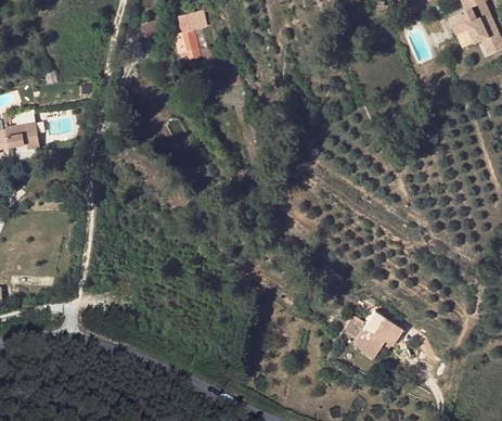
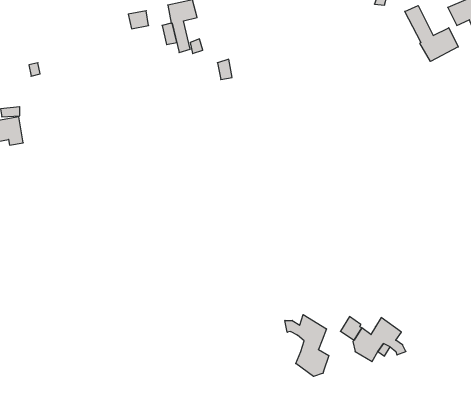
building: none -> [405,6,458,61]
building: none -> [285,315,329,376]

